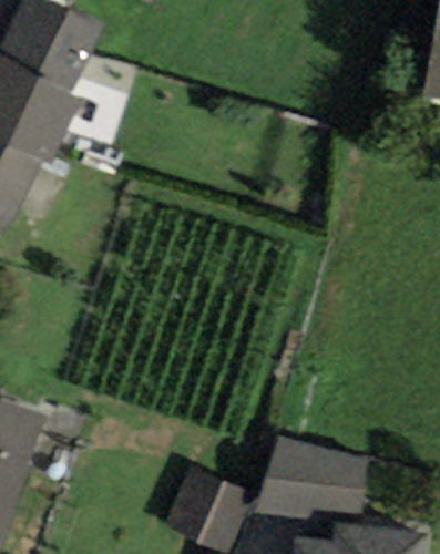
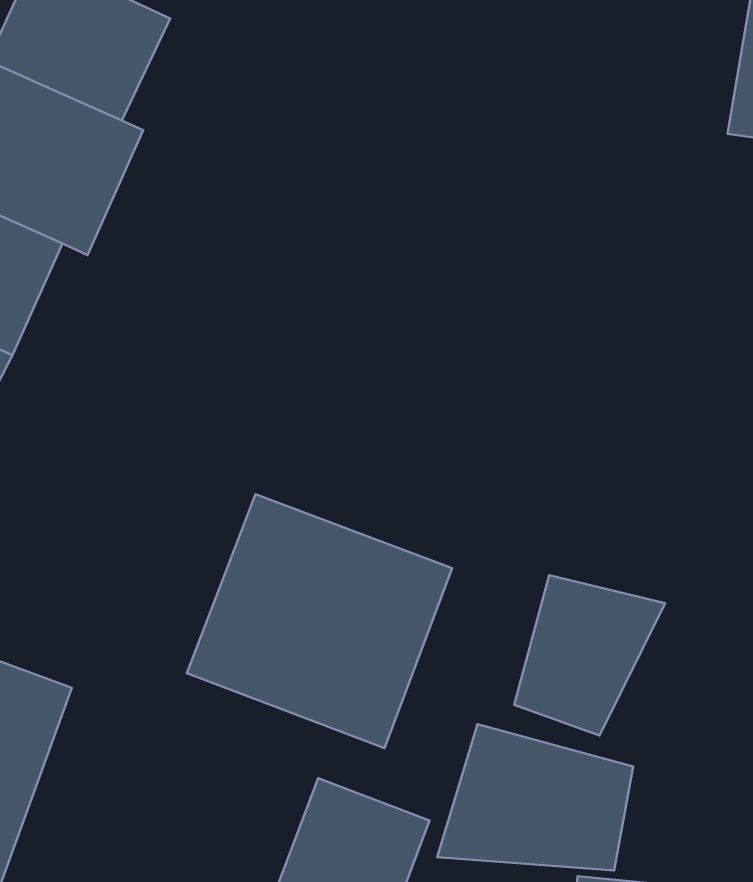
building: none -> [187,494,452,748]
building: none -> [514,575,665,736]

